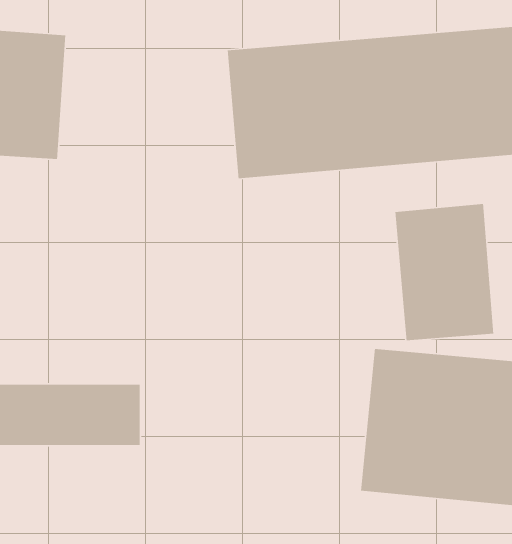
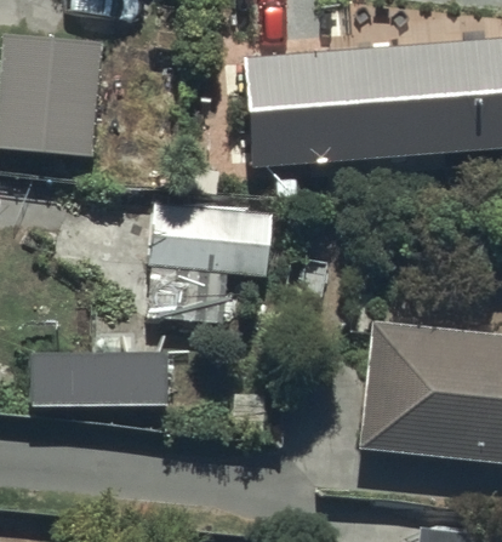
building: [395,203,494,341] -> none
building: none -> [146,209,261,320]

